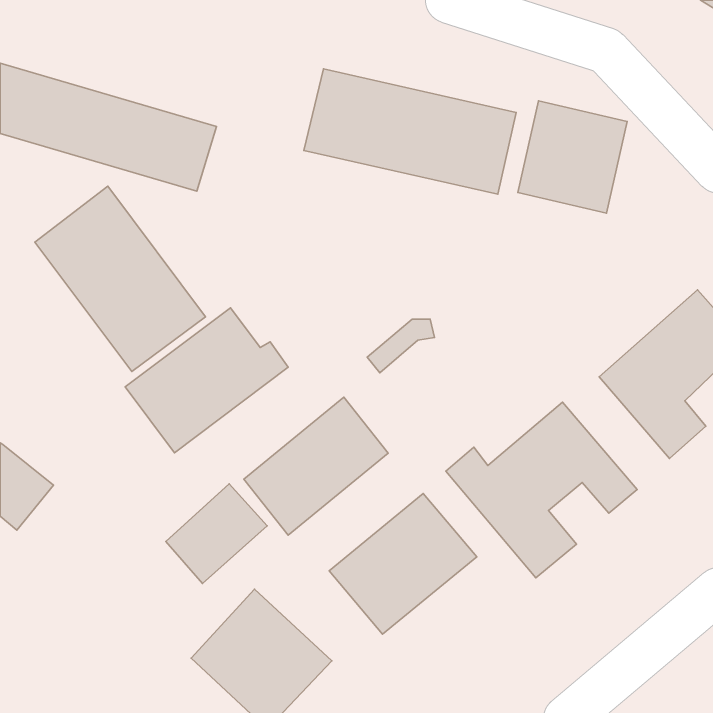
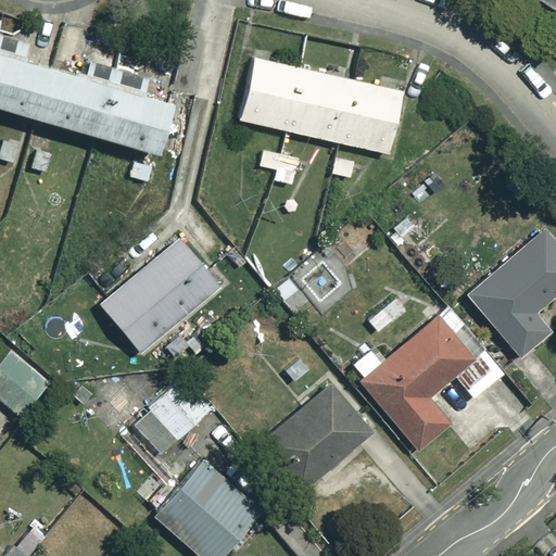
building: [518,101,627,213] -> none
building: [35,186,205,371] -> none
building: [244,397,388,535] -> none

